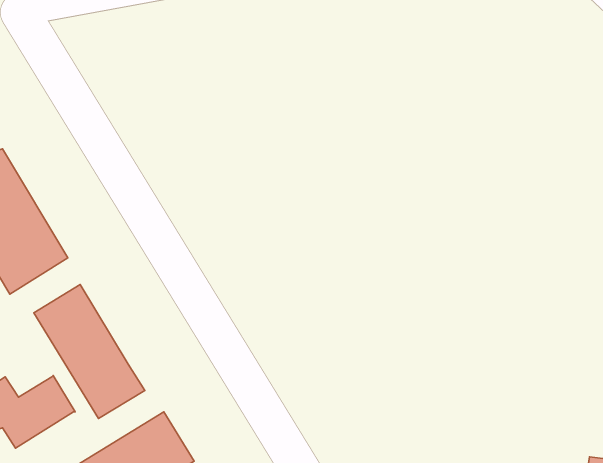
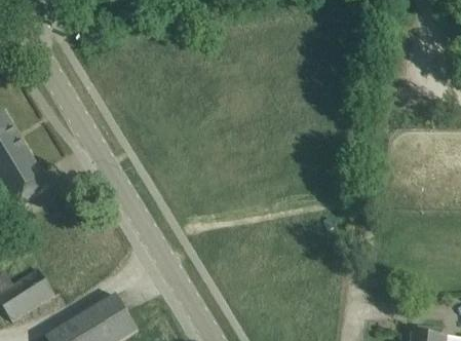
building: [34,285,145,419] -> none

